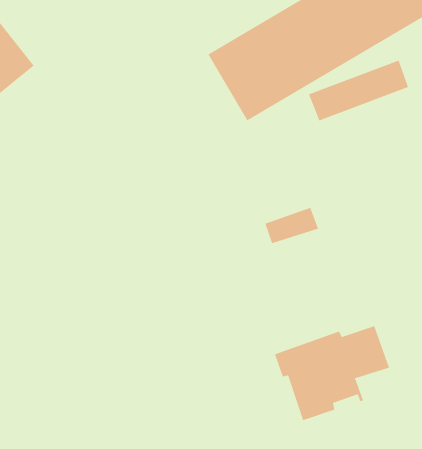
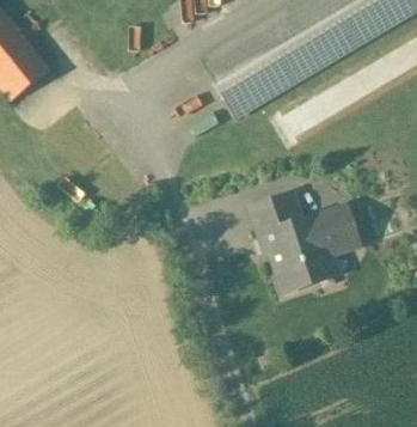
building: [274,326,390,421] -> [259,211,361,294]

